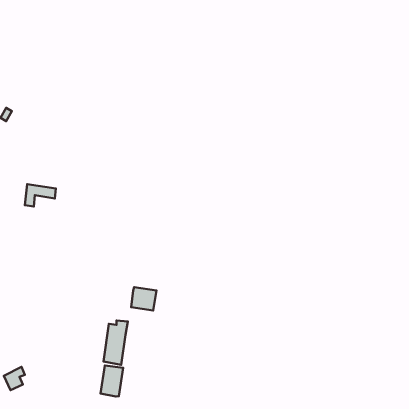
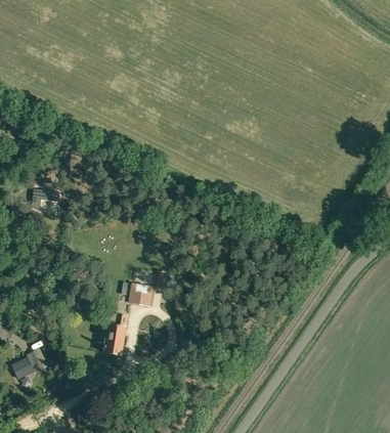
building: [101,366,123,396] -> none

